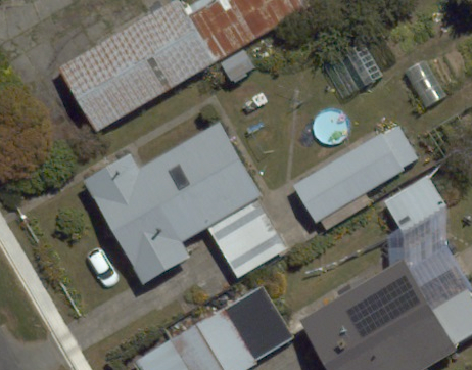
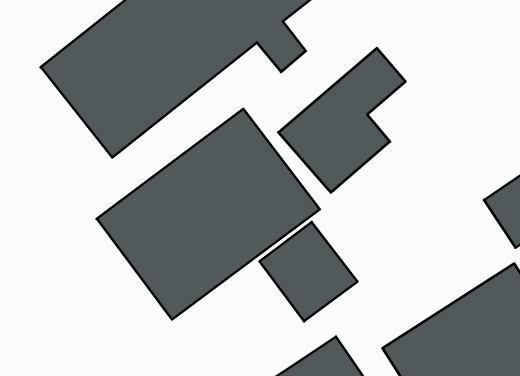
building: [292,132,393,239] -> [278,48,405,192]

